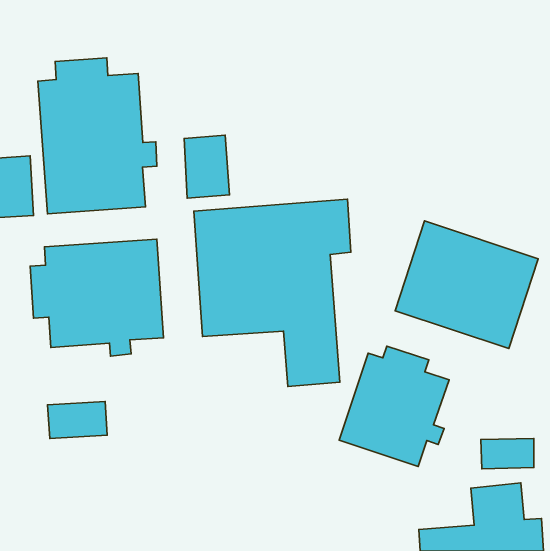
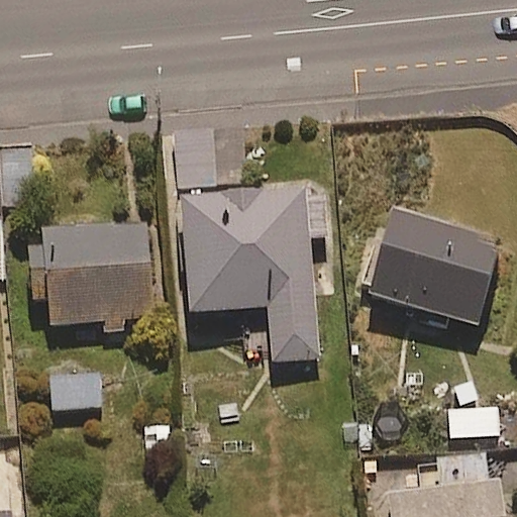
building: [38,58,157,214] -> none
building: [339,346,449,466] -> none

